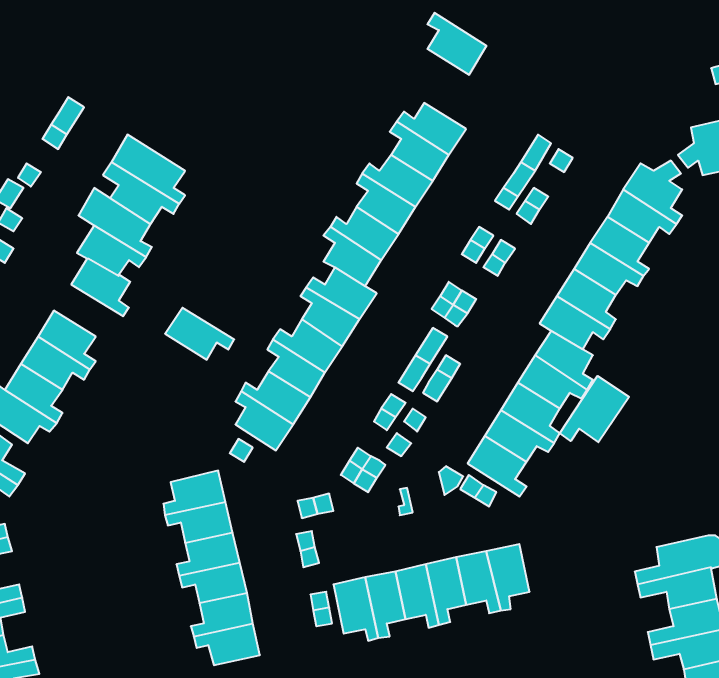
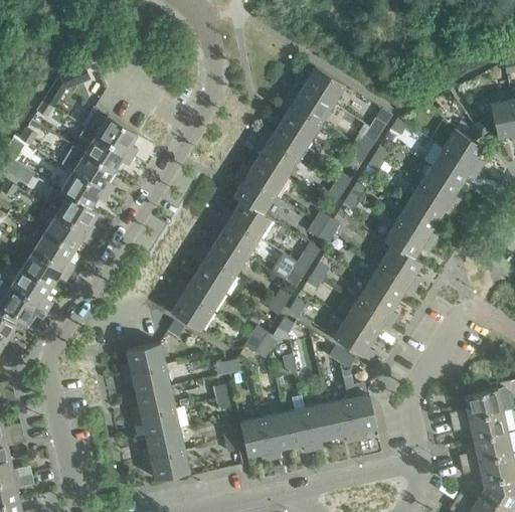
building: [427,13,487,75] -> [304,62,345,106]
building: [165,308,234,360] -> [45,214,94,250]
building: [560,376,629,442] -> none

